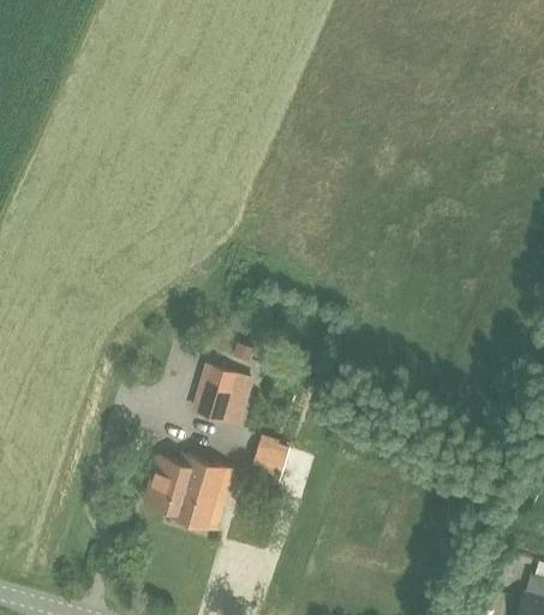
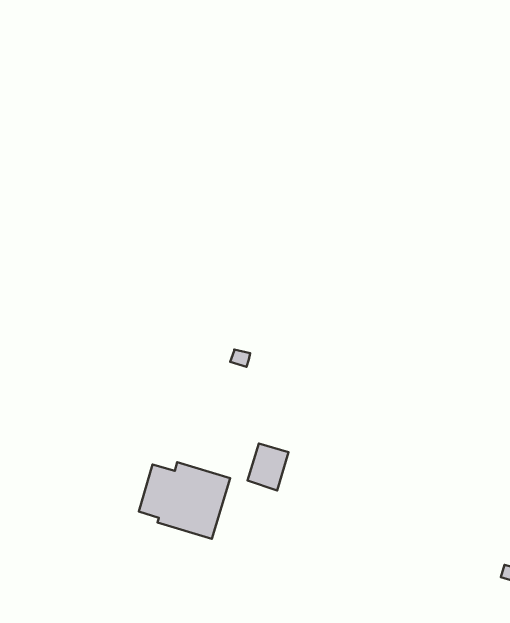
building: [195,365,250,424] -> none

